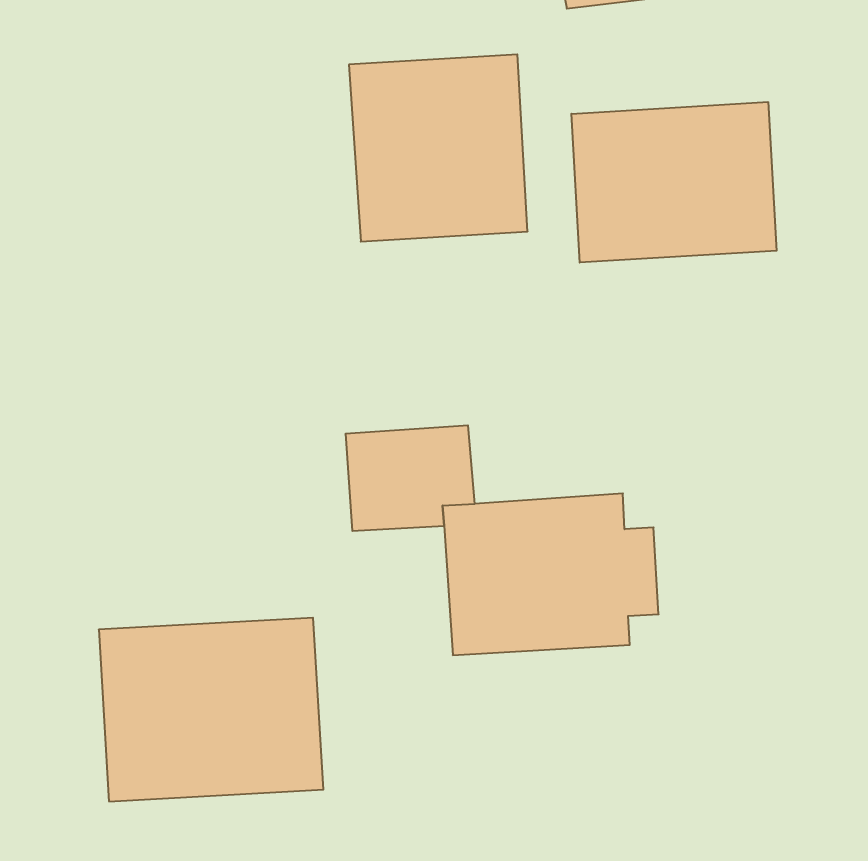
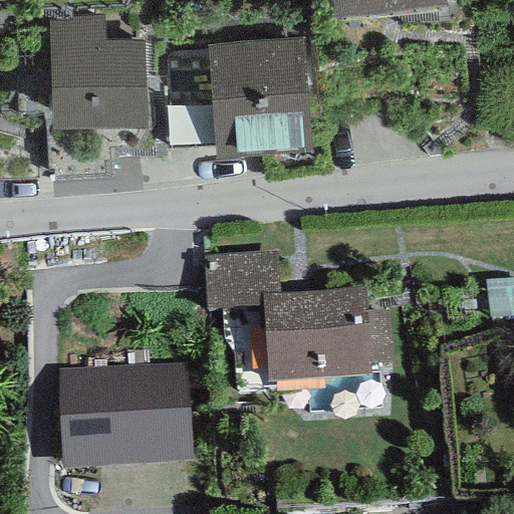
building: none -> [49,12,146,116]
building: [571,102,777,263] -> none

